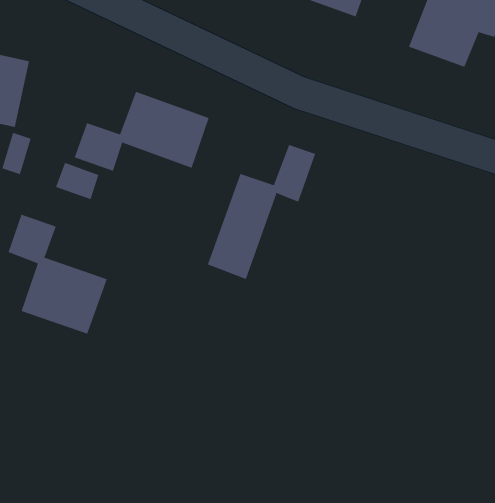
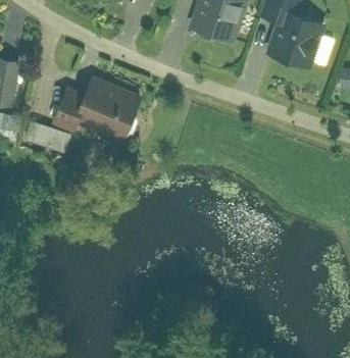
building: [207,144,316,280] -> none
building: [8,214,107,334] -> none

